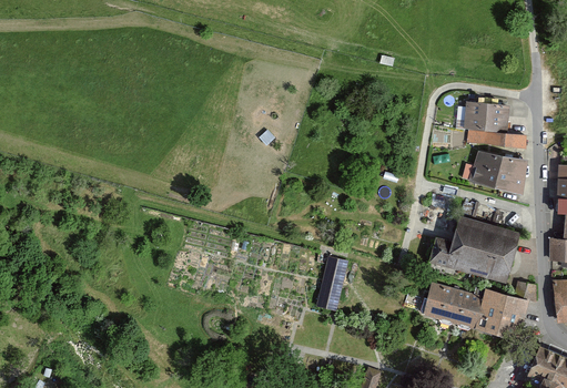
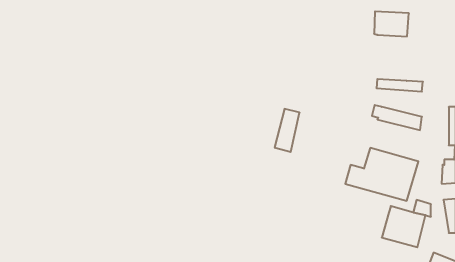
building: [465,102,508,133] -> [374,11,409,36]
building: [475,152,527,177] -> none
building: [316,257,347,310] -> [275,109,300,152]
building: [424,283,484,327] -> none

